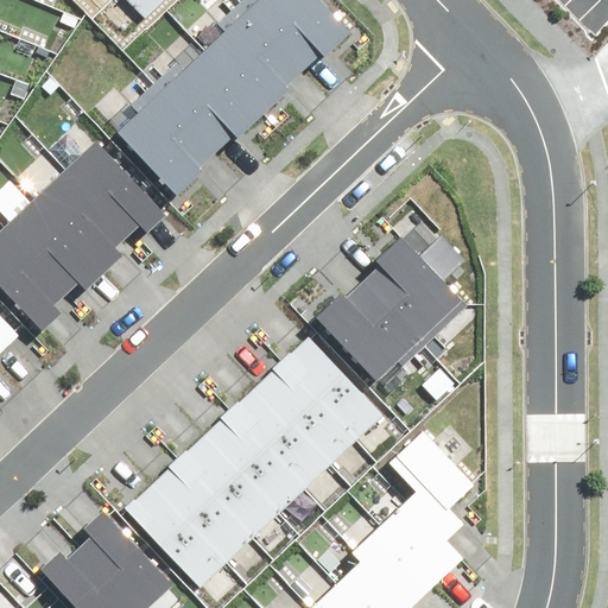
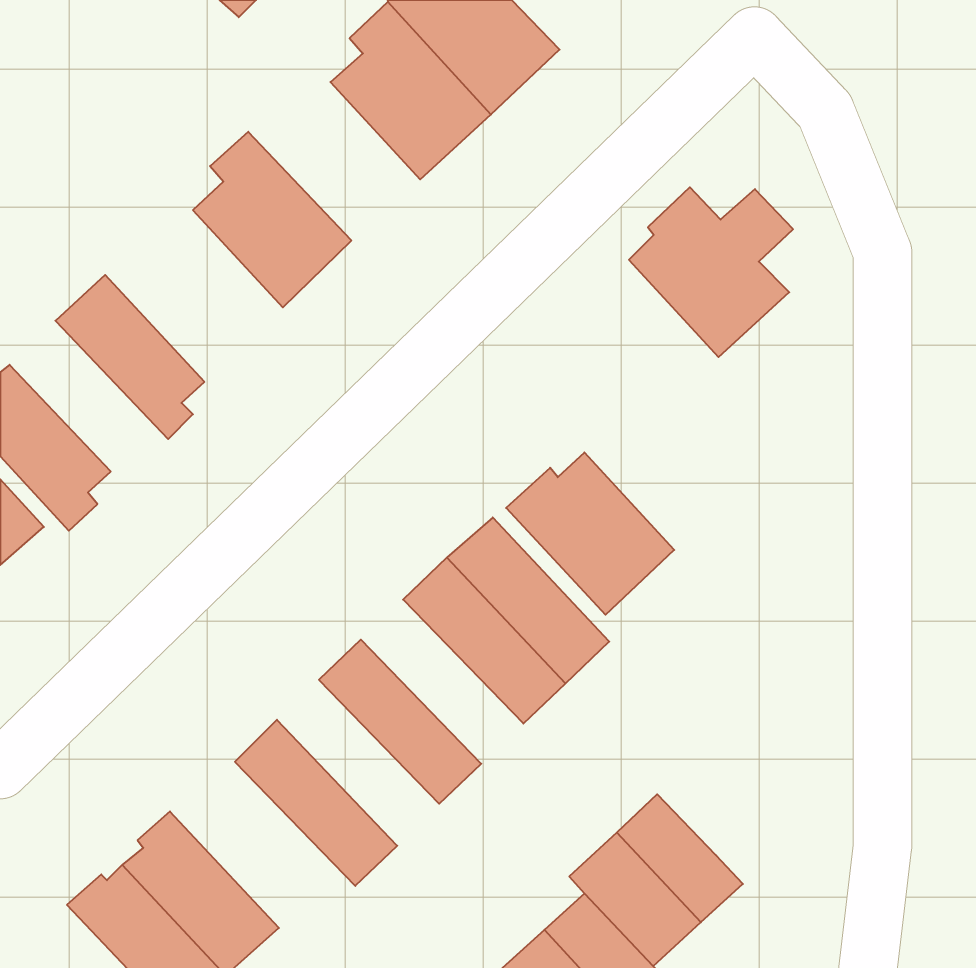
building: [154,56,261,154] -> none
building: [65,146,166,242] -> none
building: [6,204,104,298] -> none
building: [363,241,466,347] -> [629,187,793,357]
building: [224,378,325,480] -> none
building: [172,428,273,531] -> none
building: [393,431,474,537] -> none
building: [120,479,221,581] -> none

